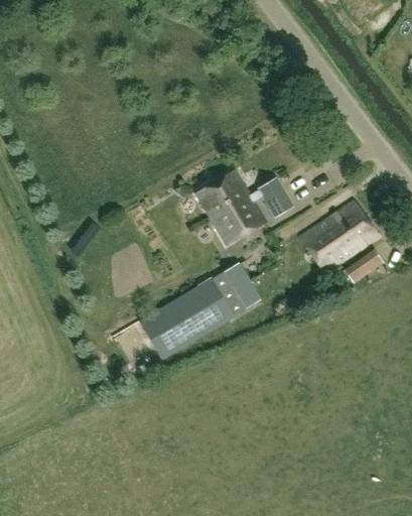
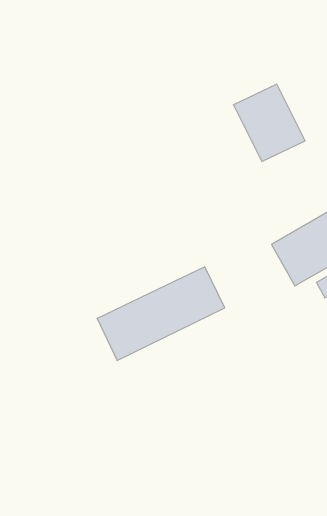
building: [196,170,267,245] -> [233,84,305,162]
building: [258,176,293,217] -> none

